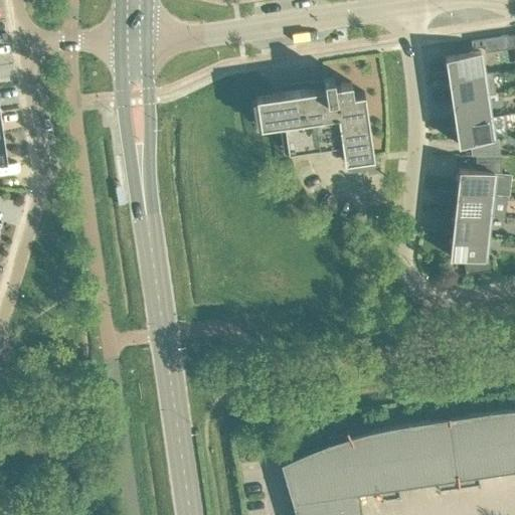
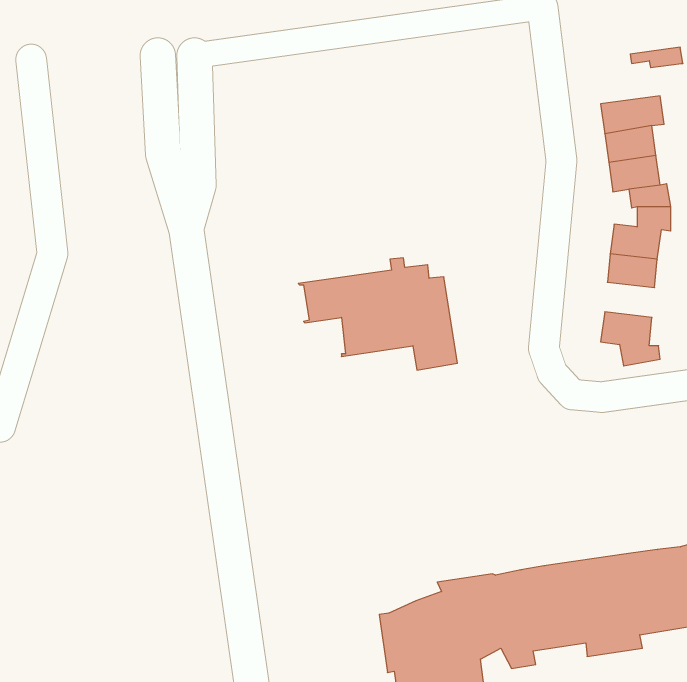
building: [446,56,494,83] -> none
building: [256,82,375,166] -> [298,258,457,370]
building: [453,216,490,242] -> none

